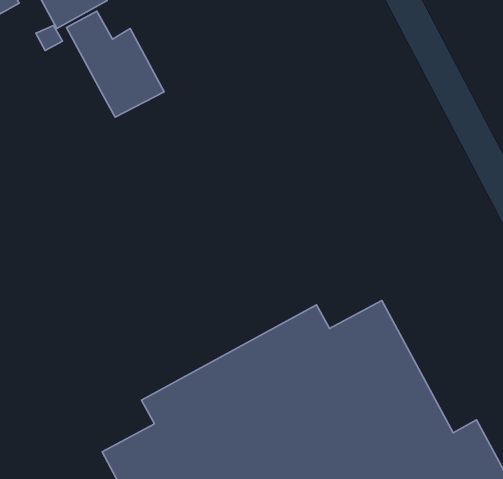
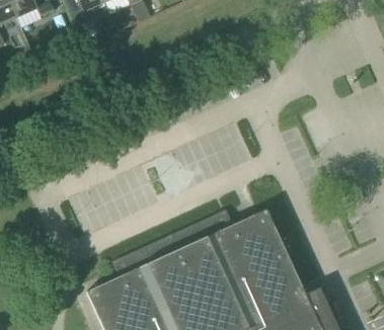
building: [66,11,164,117] -> none

